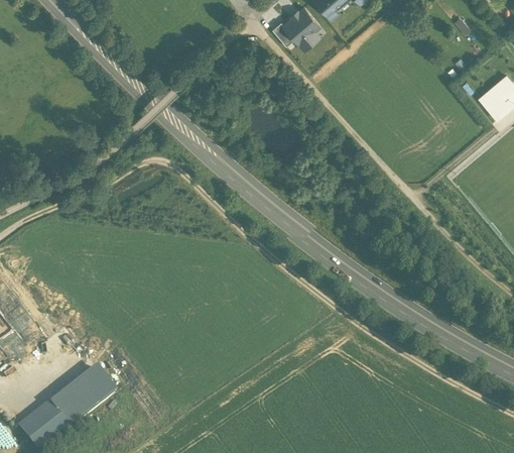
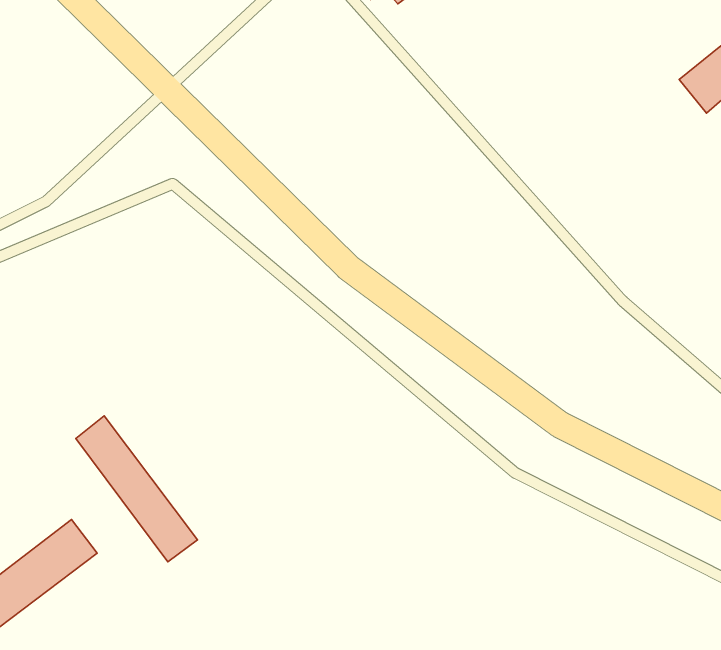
building: none -> [76,416,198,562]

